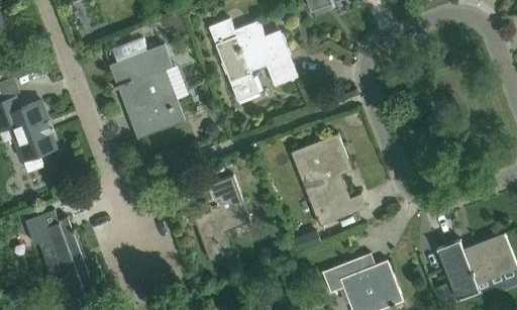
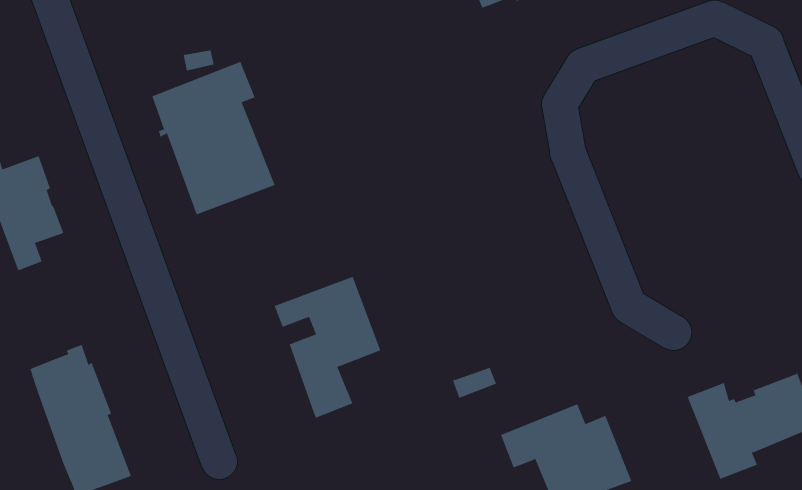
building: [210,19,299,100] -> none
building: [291,133,367,225] -> none

